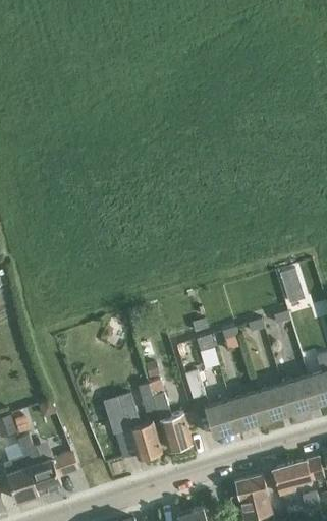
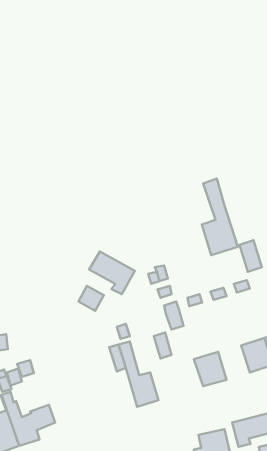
building: none -> [202,179,238,255]
building: none -> [89,251,135,294]
building: [256,385,290,422] -> none
building: [105,395,162,460] -> none
building: [204,400,239,438] -> none

